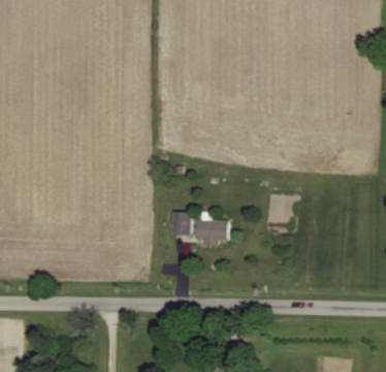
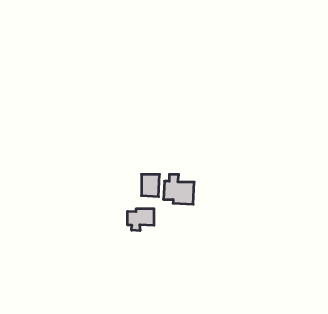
building: none -> [128,209,154,231]

